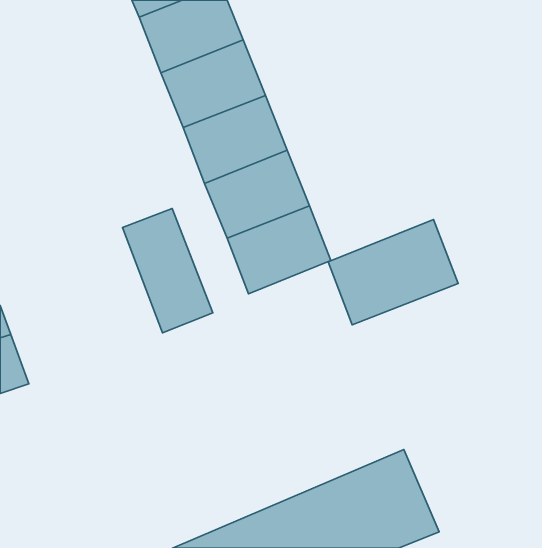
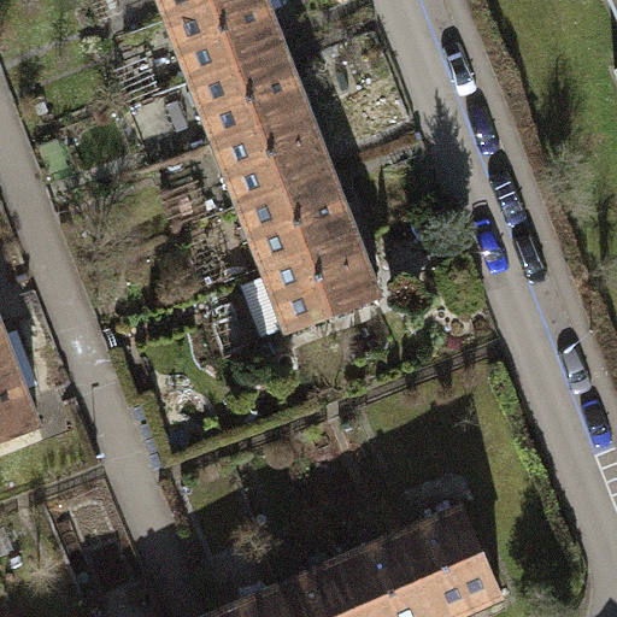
building: [123,208,213,333] -> none
building: [328,220,458,325] -> none

